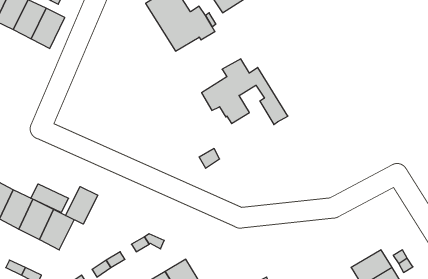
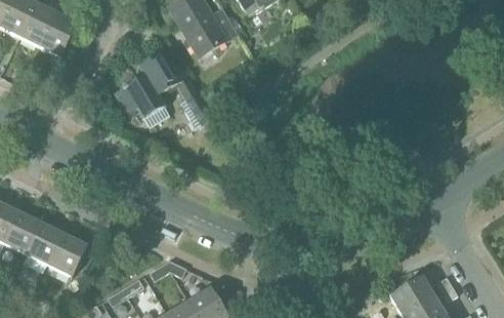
building: [202,59,288,125] -> [117,55,211,127]
building: [31,184,69,212] -> none
building: [66,187,98,224] -> none

